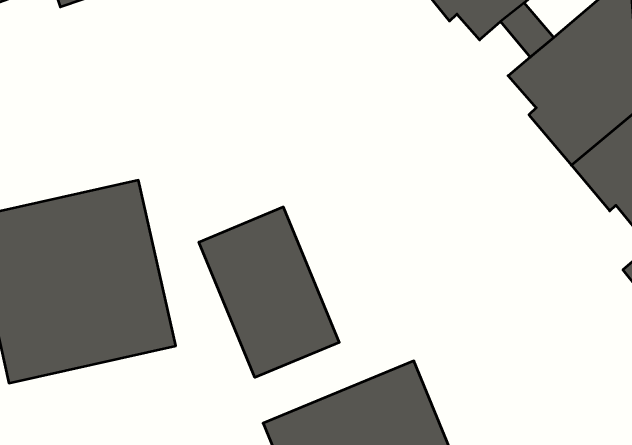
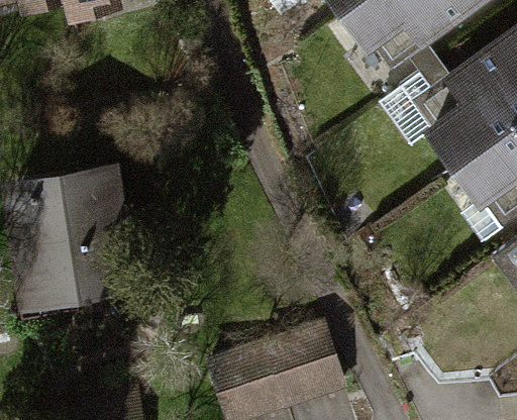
building: [199,207,339,377] -> none

